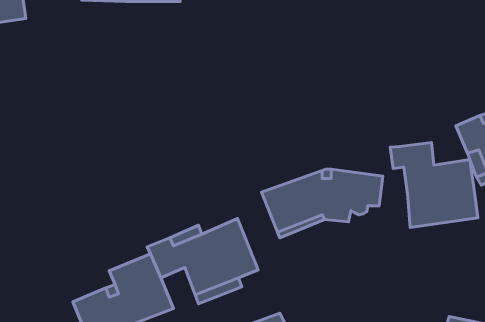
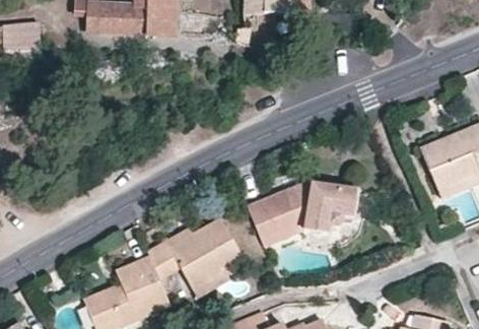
building: [390,143,478,227] -> none

